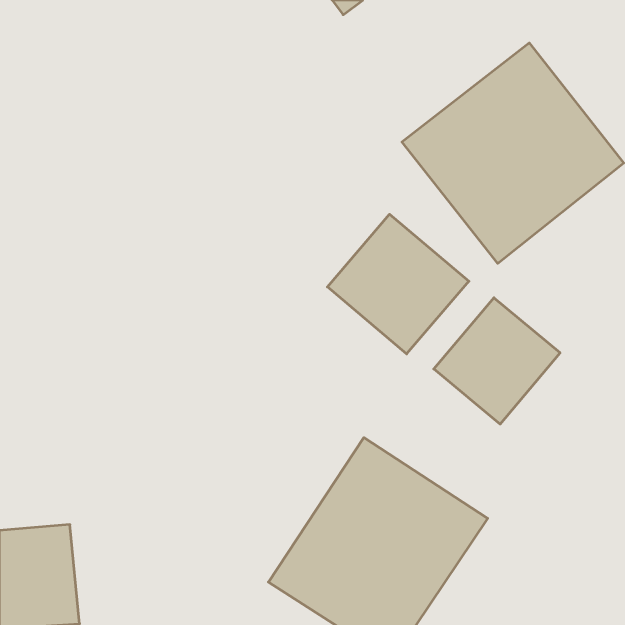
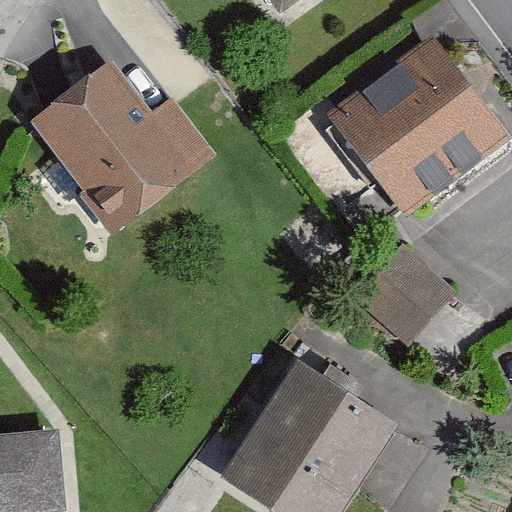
building: none -> [30,59,215,232]
building: [327,214,469,354] -> none

